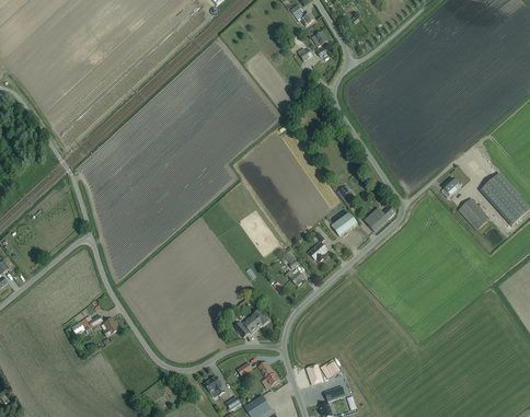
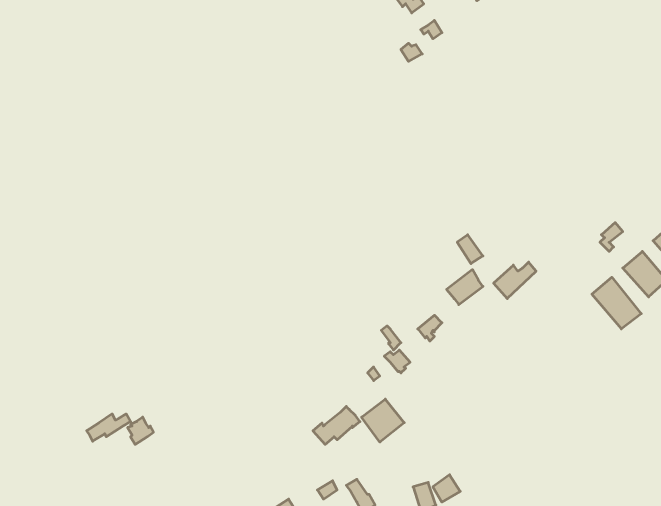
building: none -> [592,277,641,329]
building: none -> [362,399,404,442]

